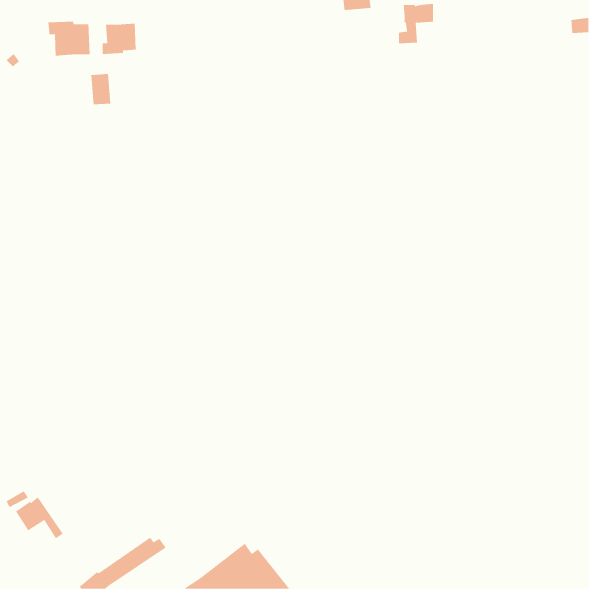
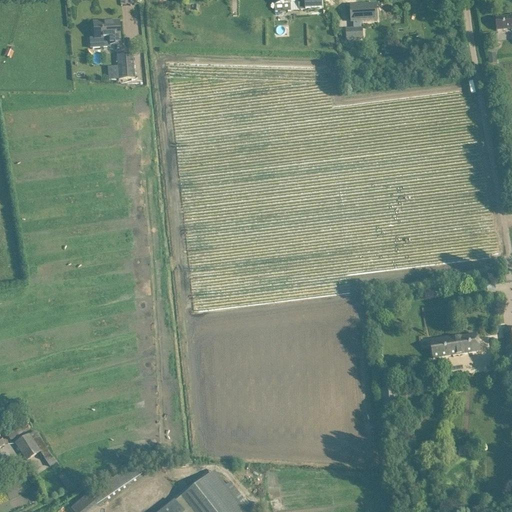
building: [48,21,90,57] -> none
building: [90,74,111,105] -> [115,52,133,79]
building: none -> [428,333,478,357]

